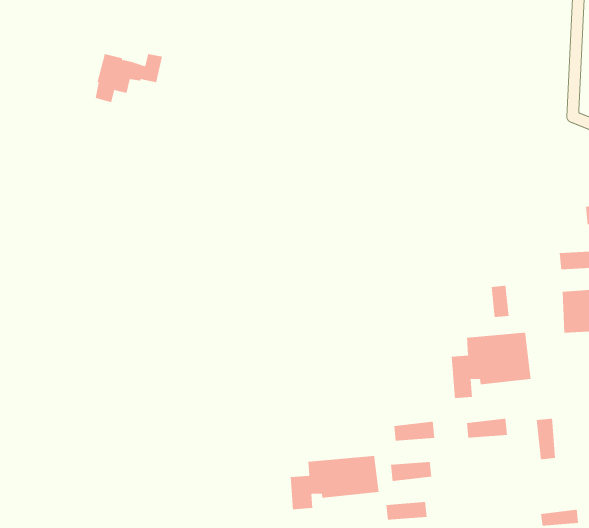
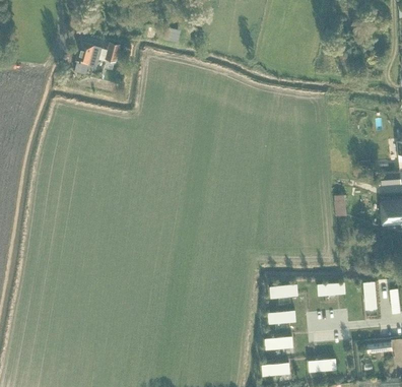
building: [451,332,531,399] -> none
building: [290,455,379,510] -> none

